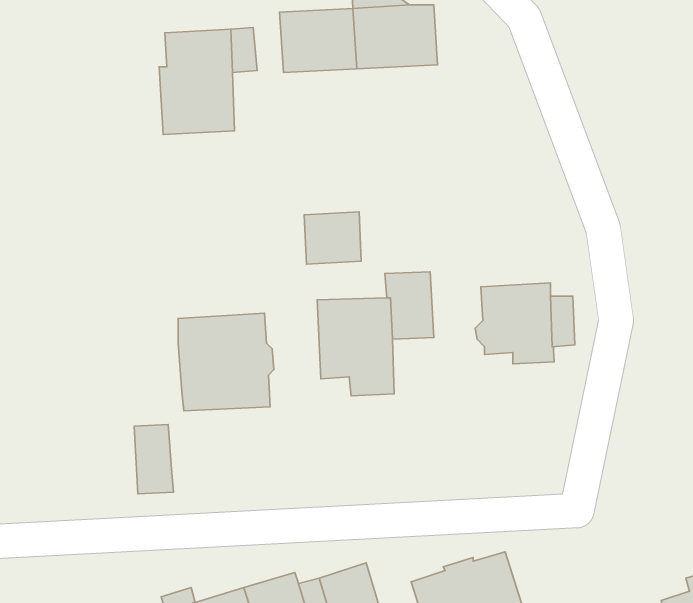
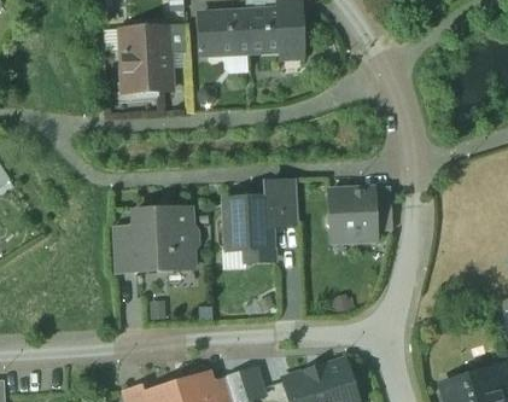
building: [304,212,361,264] -> none
building: [134,424,174,494] -> [111,227,136,272]

